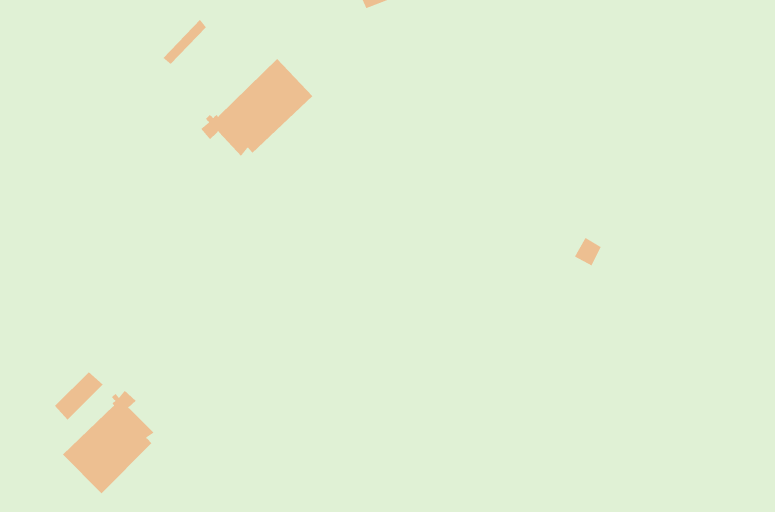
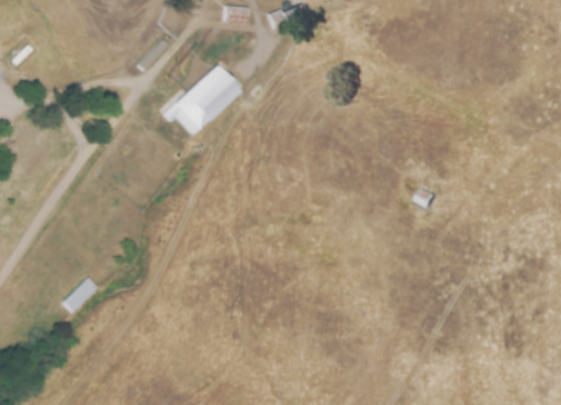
building: [62,390,155,494] -> none

